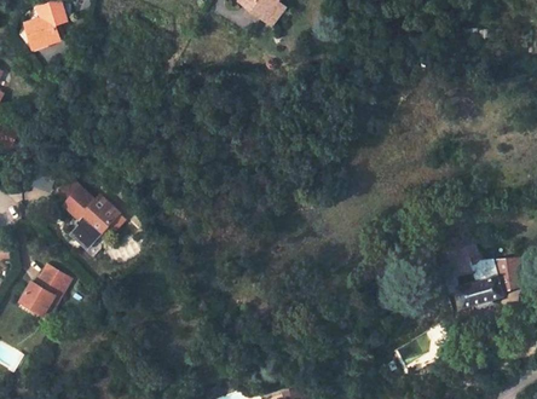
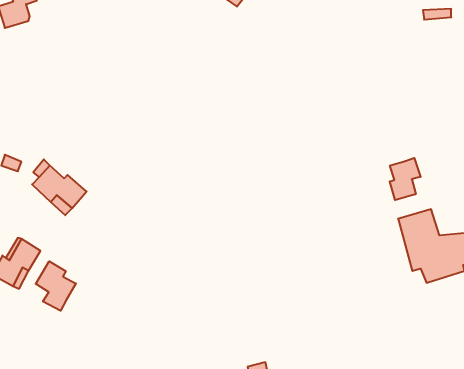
building: none -> [390,158,421,200]
building: none -> [36,261,76,311]

